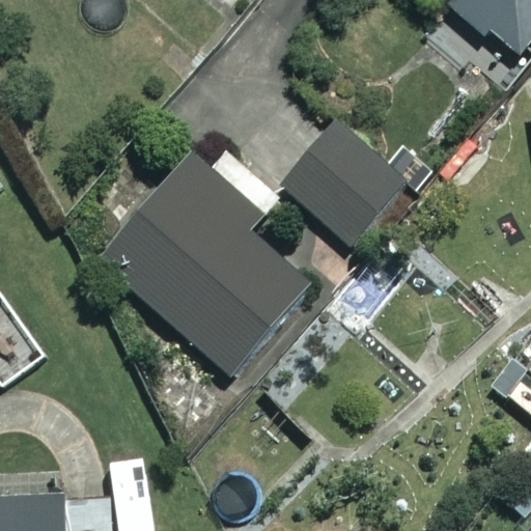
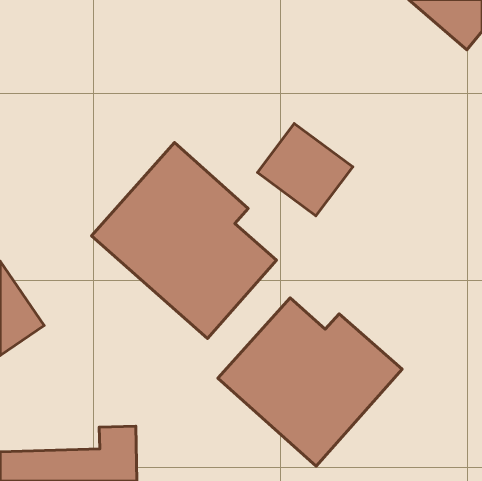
building: none -> [218,298,402,466]

